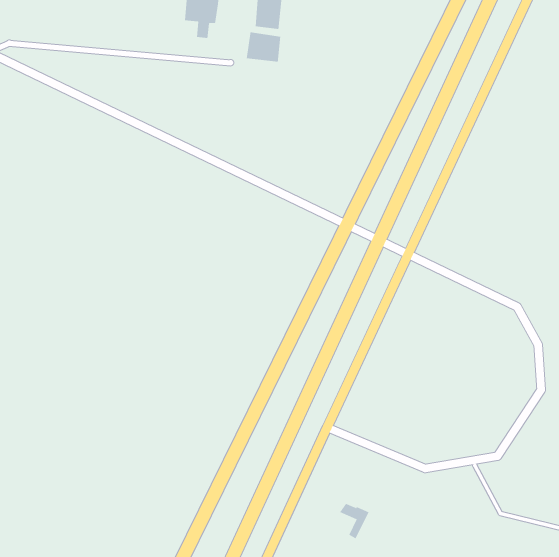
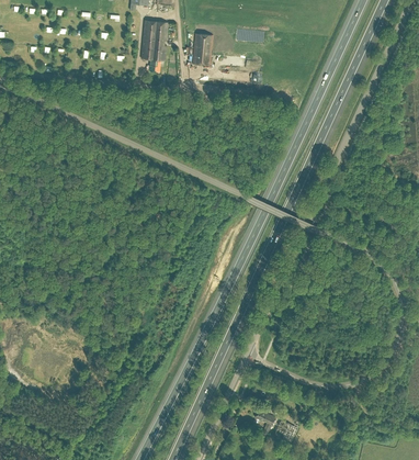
building: [246,32,281,62] -> none

